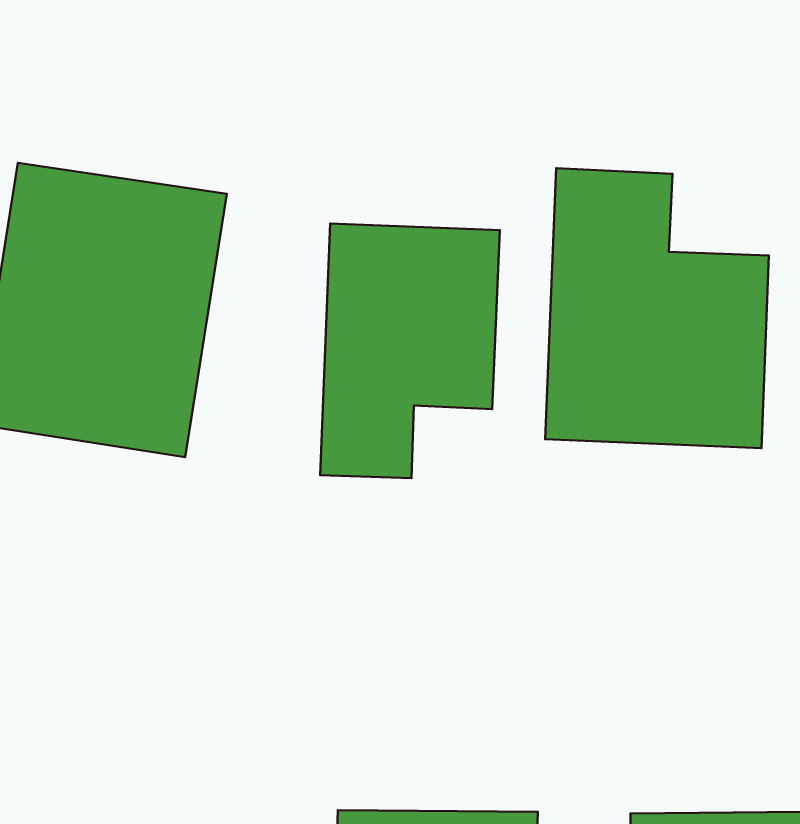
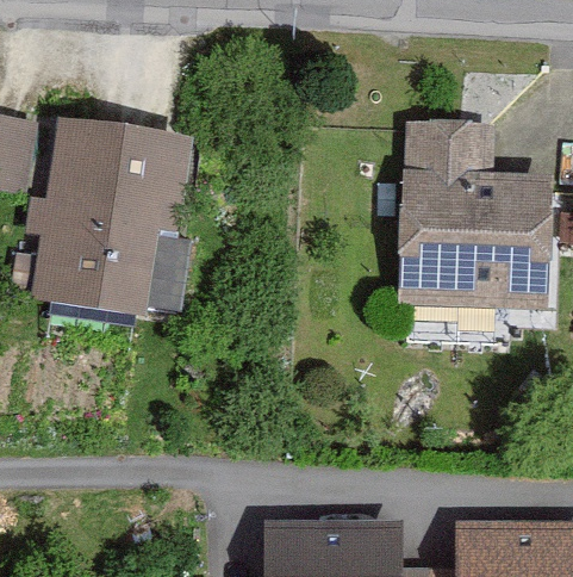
building: [320,224,500,478] -> none

